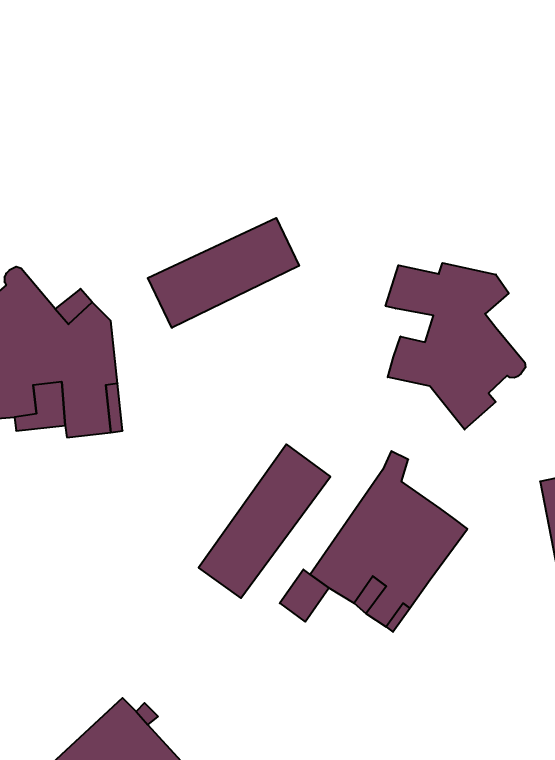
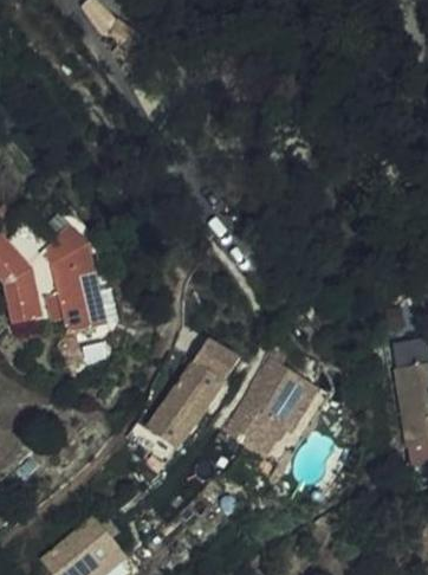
building: [148,218,299,328] -> none
building: [386,263,525,430] -> none

